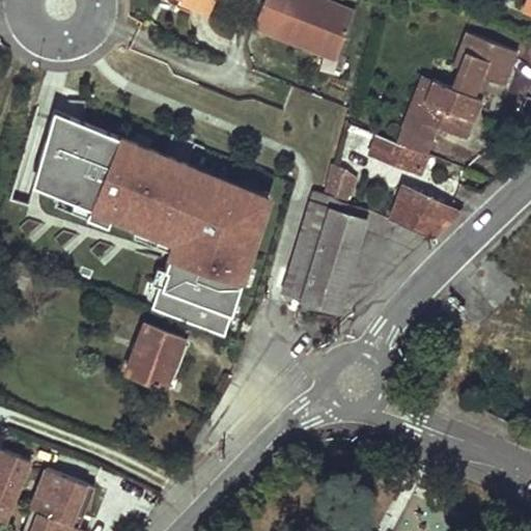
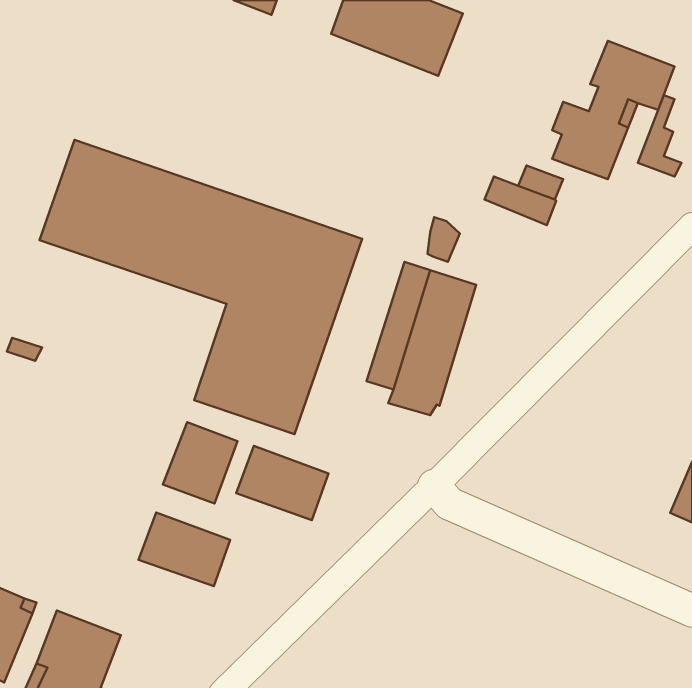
building: [402,79,436,141] -> [638,95,681,176]
building: [388,189,458,241] -> none
building: none -> [236,446,329,520]
building: none -> [138,512,230,586]

